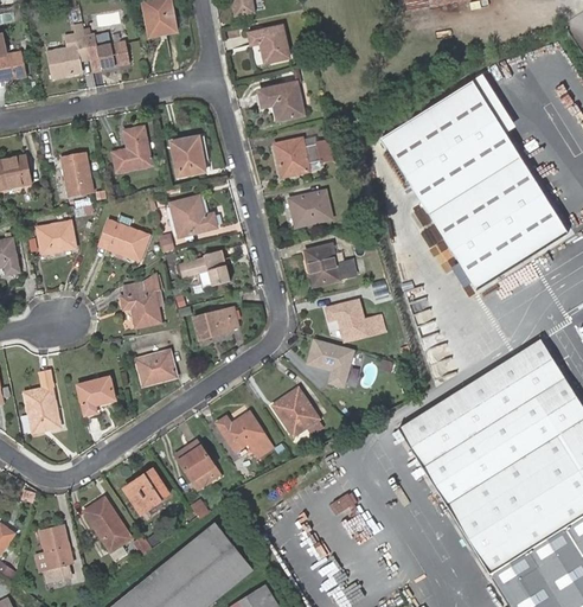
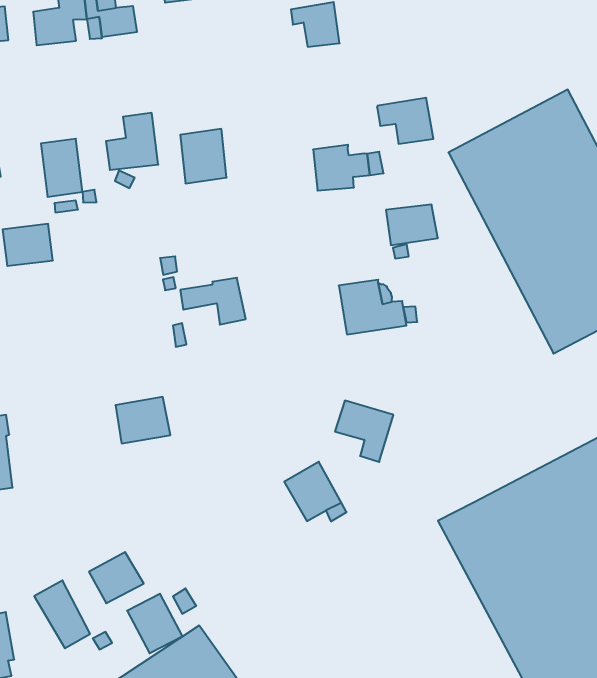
building: [258,82,305,120] -> [377,98,433,144]
building: [289,192,332,226] -> [386,205,438,245]
building: [168,193,220,237] -> none
building: [100,212,154,262] -> none
building: [120,270,166,328] -> none
building: [326,298,387,343] -> none
building: [193,305,241,339] -> none
building: [76,373,118,417] -> none
building: [214,409,276,459] -> none
building: [178,443,223,491] -> [127,594,182,653]

